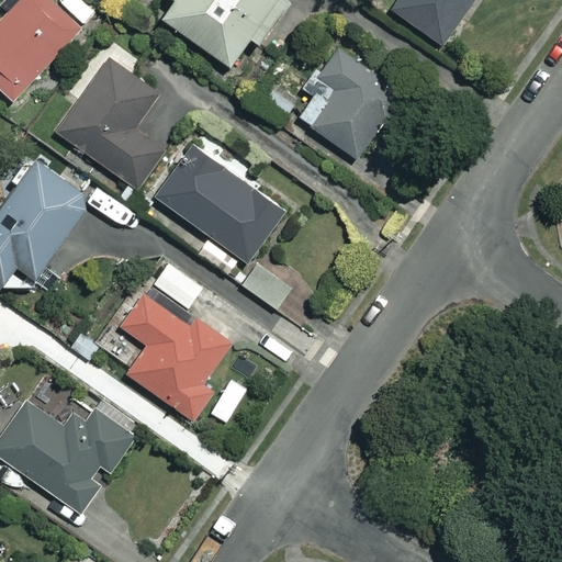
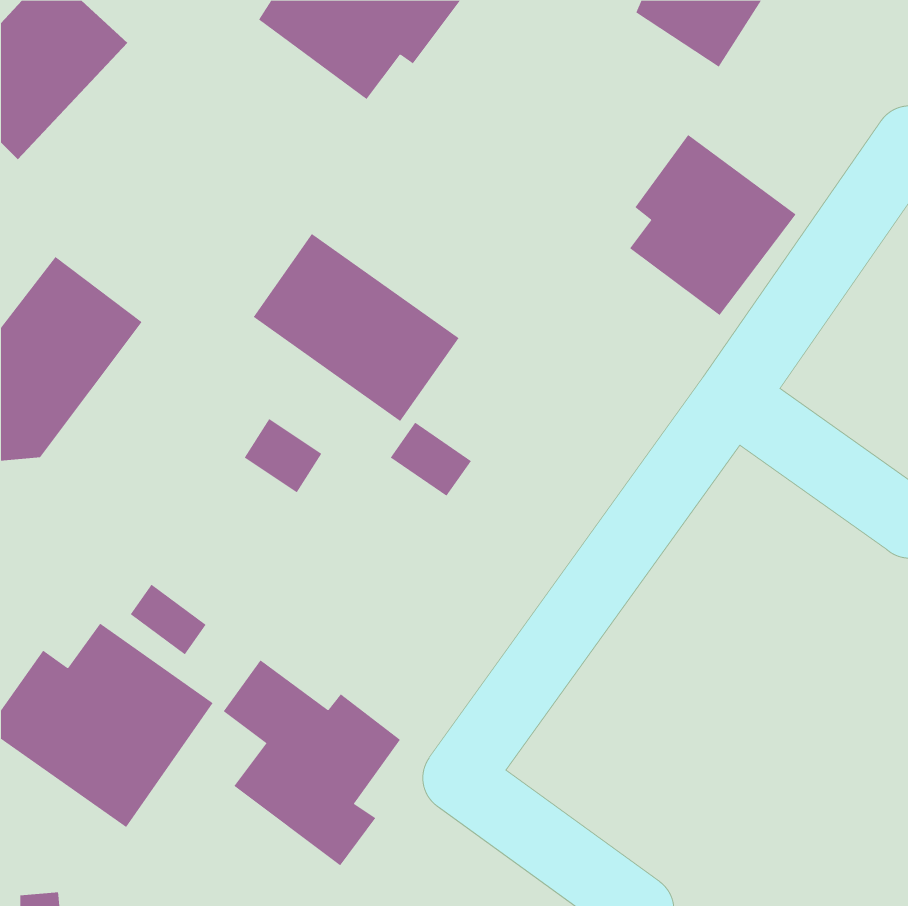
building: [299,45,402,157] -> [629,134,796,316]
building: [57,57,167,188] -> none
building: [120,293,229,420] -> [223,660,401,866]

